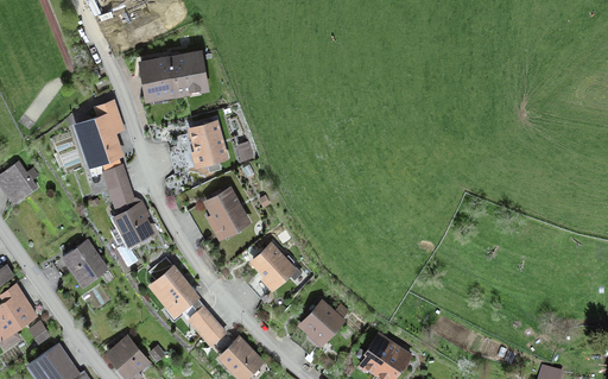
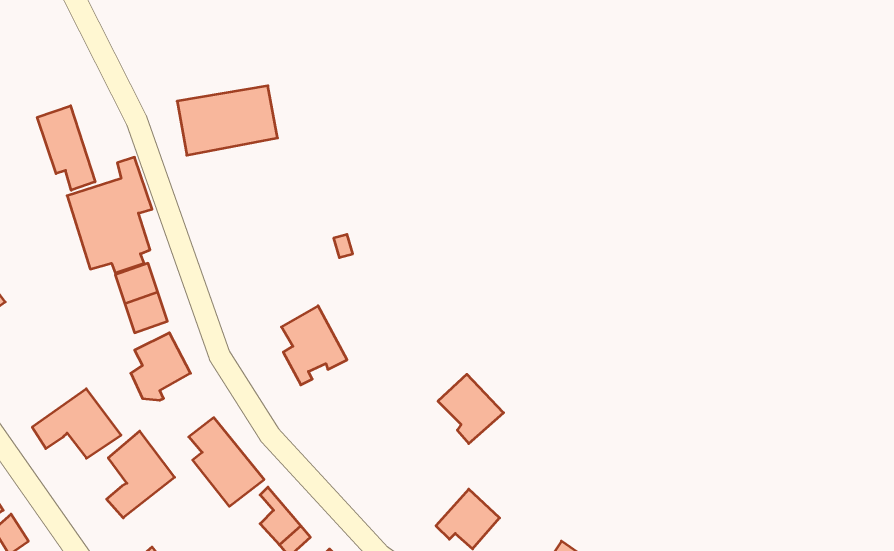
building: none -> [37,106,95,190]
building: [190,121,226,171] -> none
building: [253,245,293,288] -> [438,374,504,444]
building: none -> [107,431,175,518]

